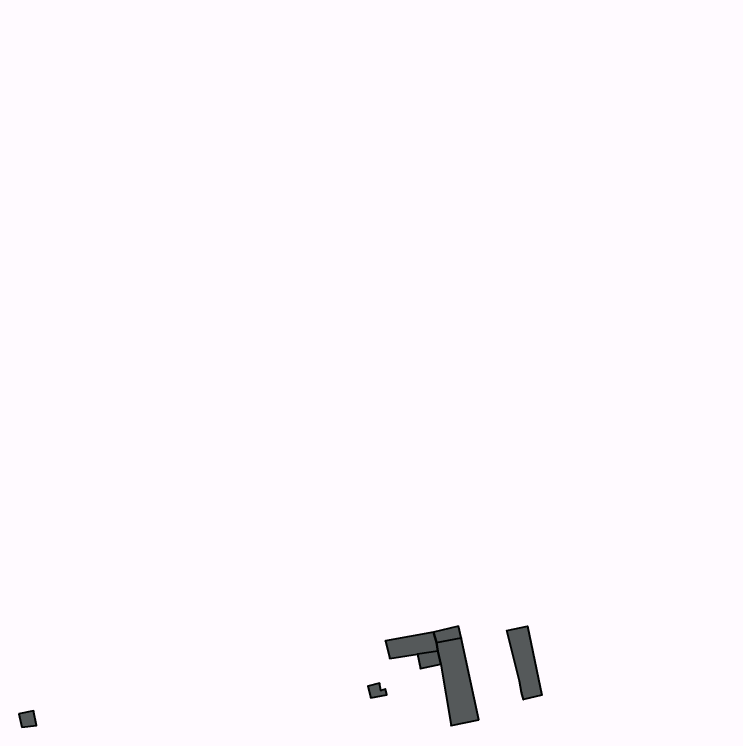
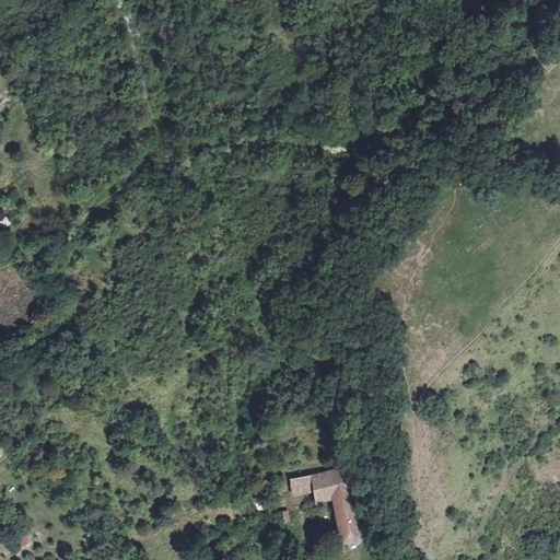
building: [507,626,542,700] -> none

